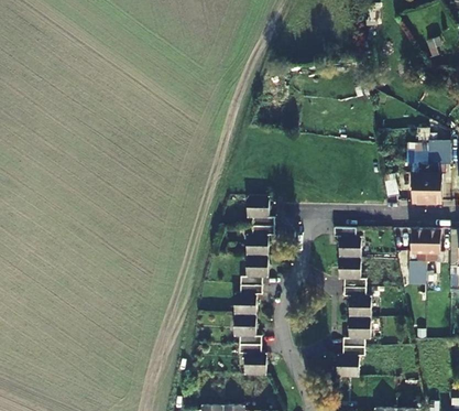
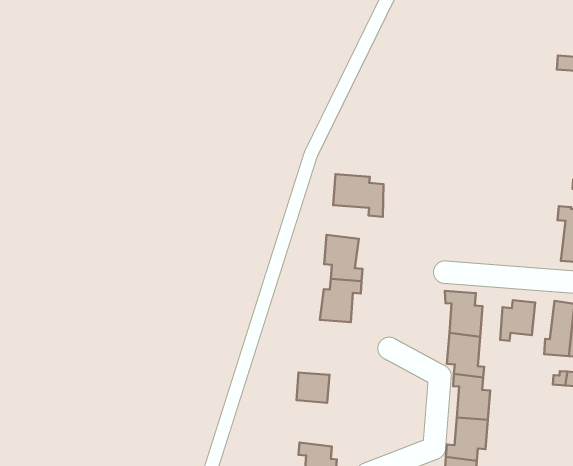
building: none -> [333,174,384,217]
building: none -> [500,300,535,341]
building: [239,257,267,288] -> none
building: [233,315,261,346] -> none

